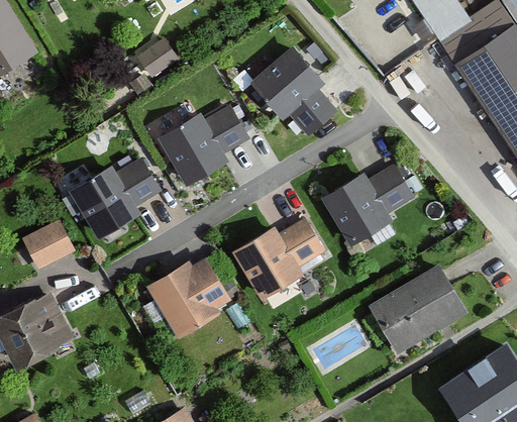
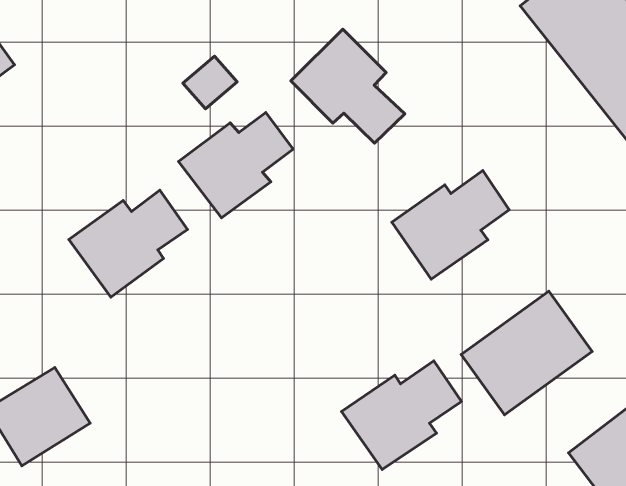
building: [135,39,178,80] -> [183,56,237,109]
building: [20,217,76,269] -> none
building: [232,218,326,300] -> [342,361,461,469]
building: [147,251,239,338] -> none

